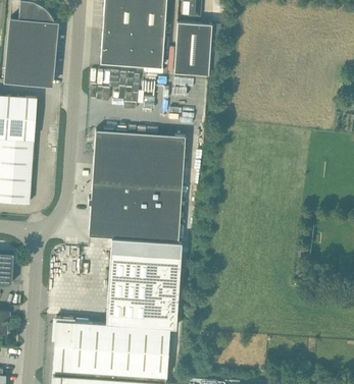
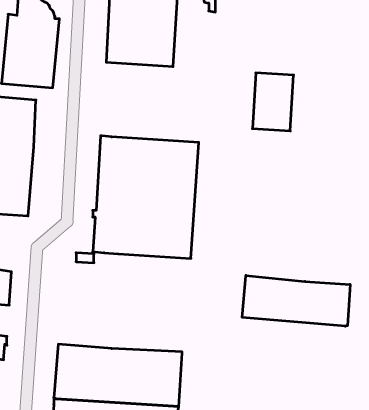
building: [173,22,211,75] -> [252,73,294,131]
building: [105,238,181,329] -> none
building: none -> [242,275,350,326]

